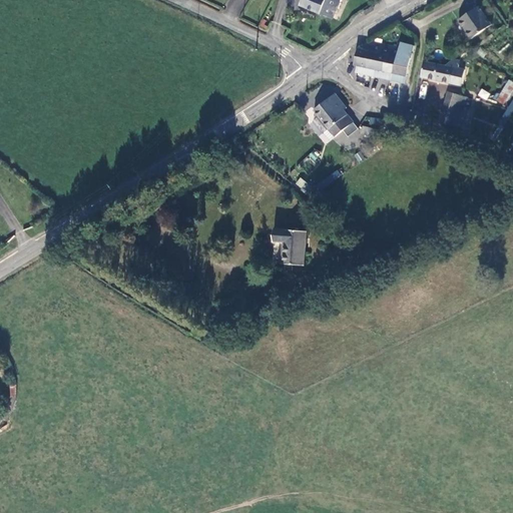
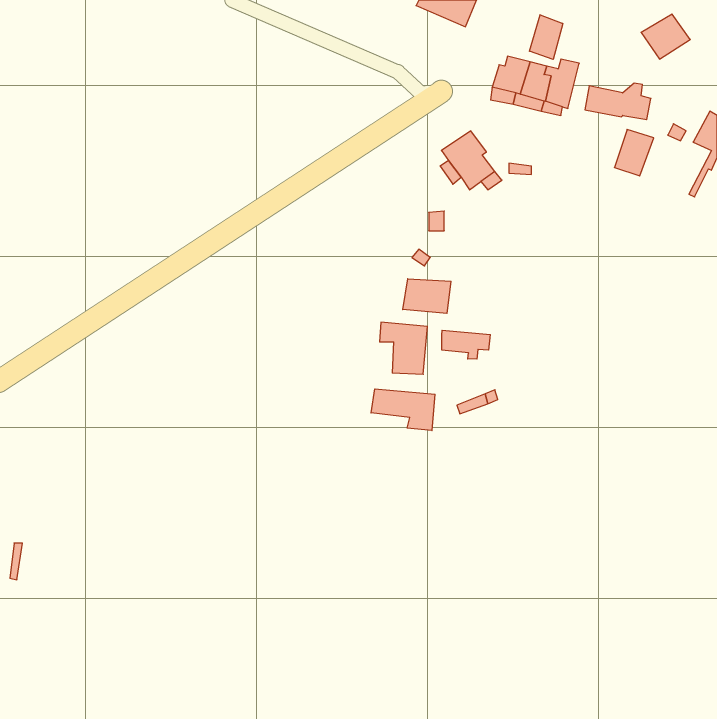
building: none -> [529,15,563,59]
building: none -> [403,279,451,313]
building: none -> [442,330,490,359]
building: none -> [371,389,435,431]

